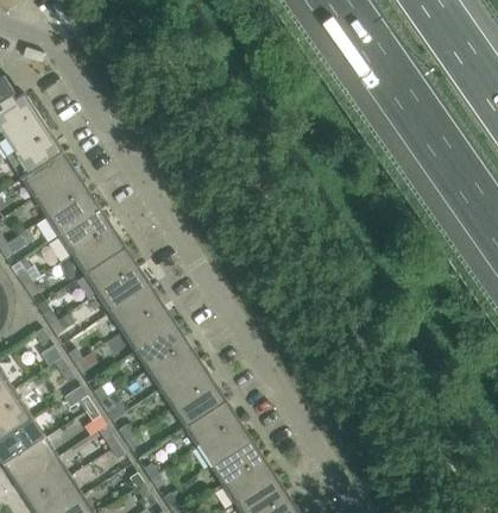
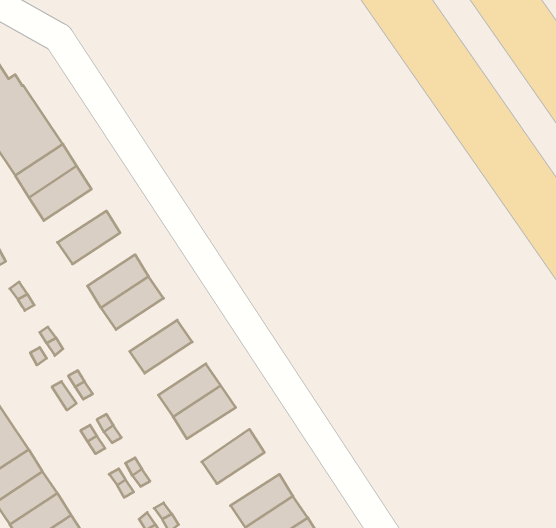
building: [46,190,101,237] -> none
building: [71,229,126,275] -> none
building: [109,286,163,332] -> none
building: [134,324,188,370] -> none
building: [171,381,226,428] -> none
building: [197,420,252,467] -> none

